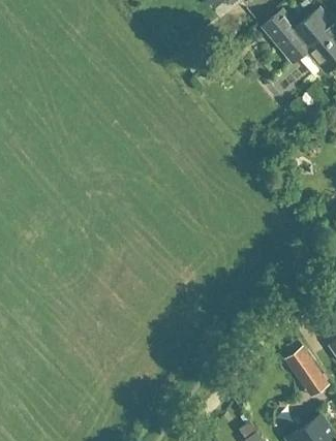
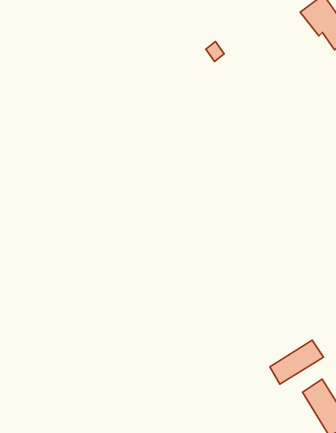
building: none -> [270,340,324,384]

